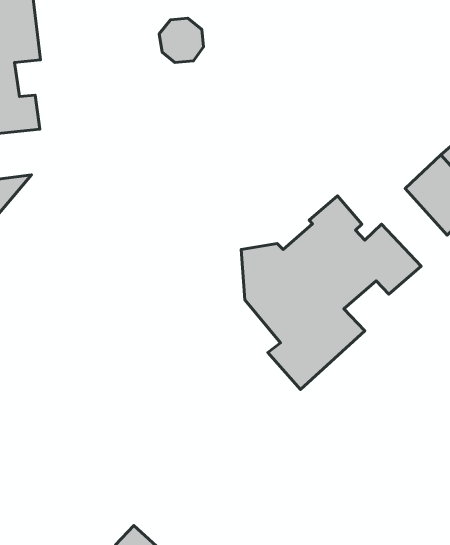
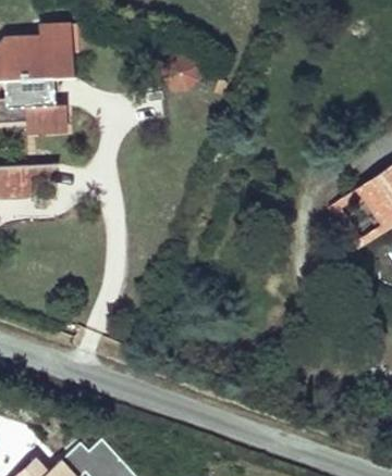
building: [241,196,421,389] -> none

